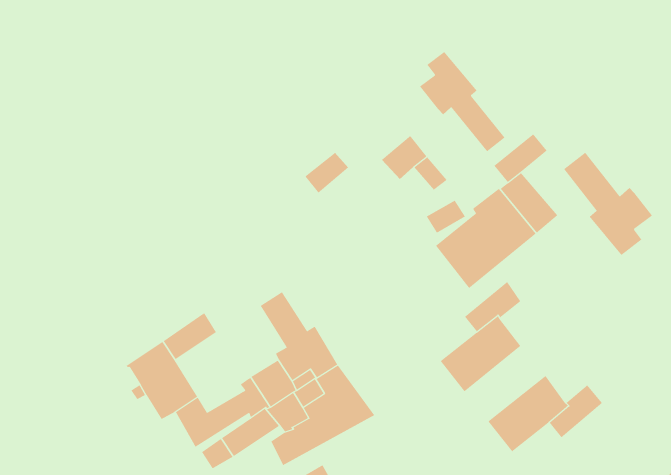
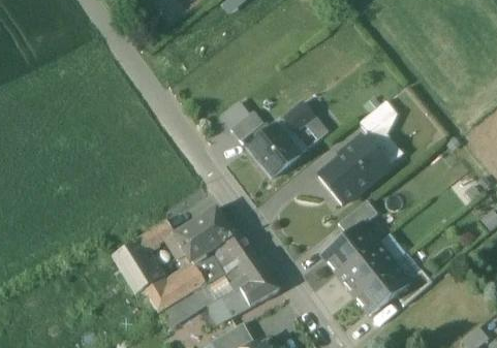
building: [419,51,505,152] -> none
building: [564,152,653,256] -> none
building: none -> [247,124,301,178]
building: none -> [173,216,219,264]
building: none -> [339,243,394,293]

